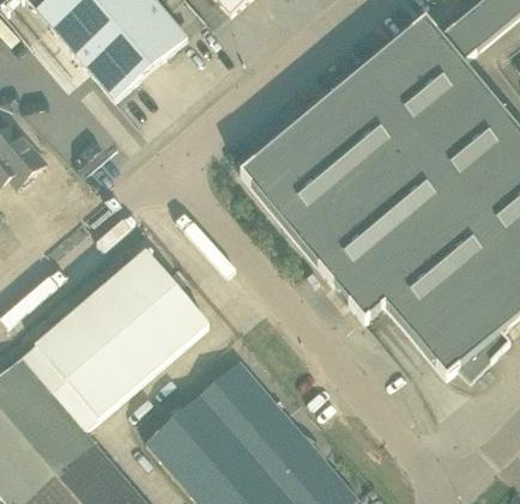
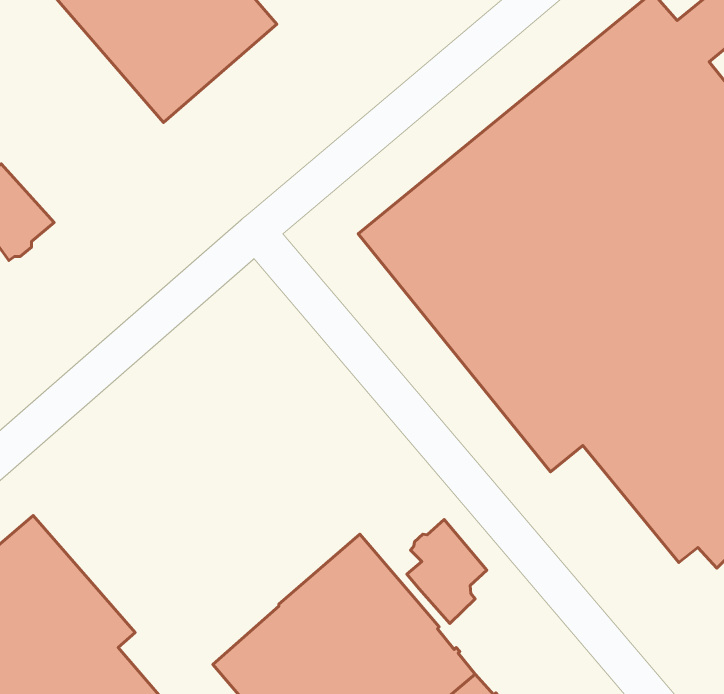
building: [32,250,208,421] -> none
building: none -> [407,519,487,623]

